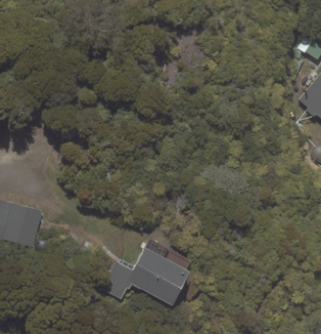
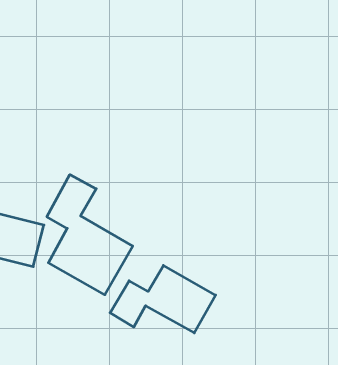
building: none -> [47,175,133,295]

